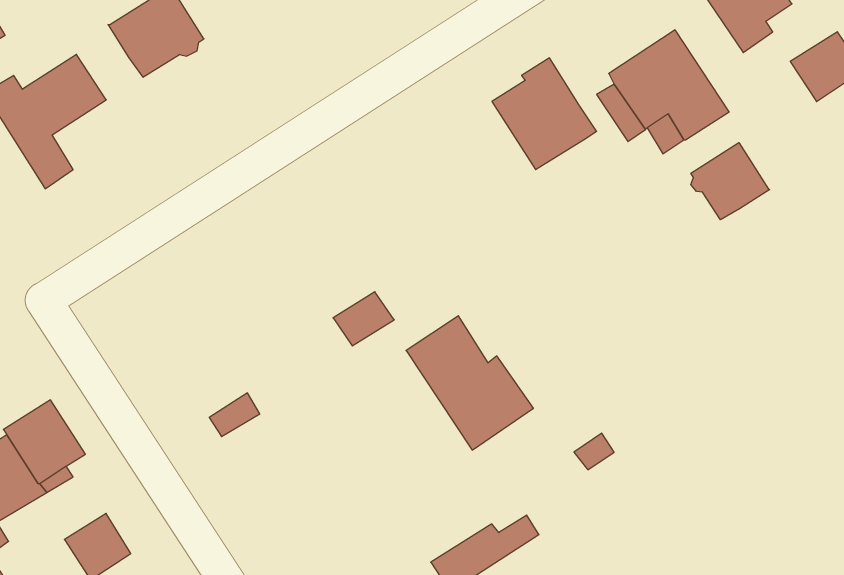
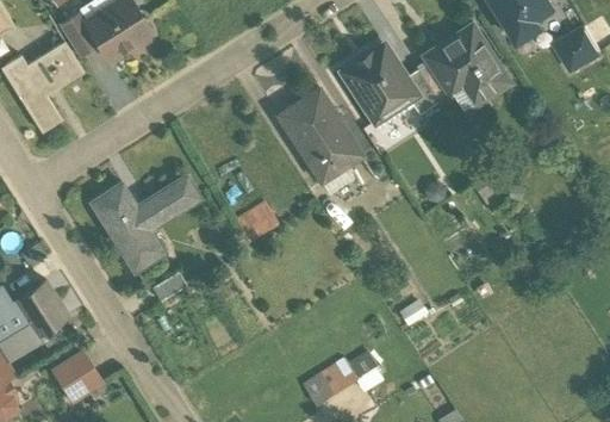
building: none -> [58,10,99,57]
building: none -> [406,69,440,113]
building: [691,143,770,220] -> none
building: none -> [91,174,201,273]
building: [406,316,533,450] -> [278,91,365,182]

